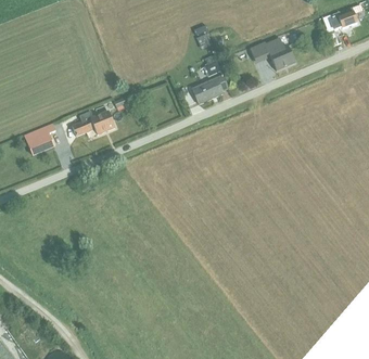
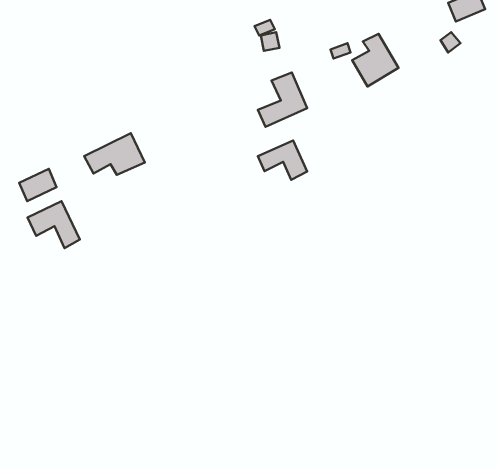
building: none -> [258,140,307,180]
building: none -> [28,201,80,248]

